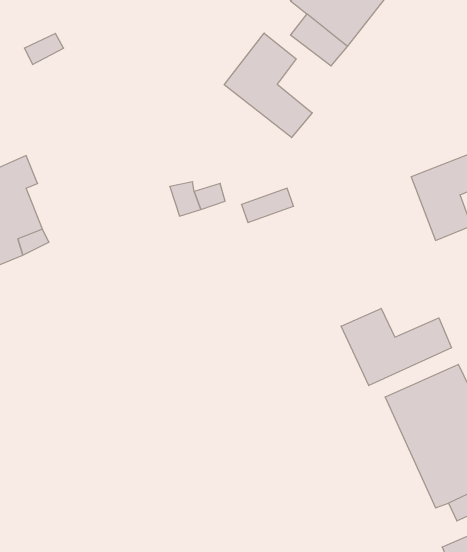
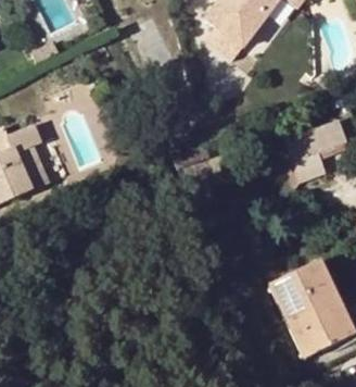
building: [224,33,312,138] -> none
building: [341,308,451,386] -> none

